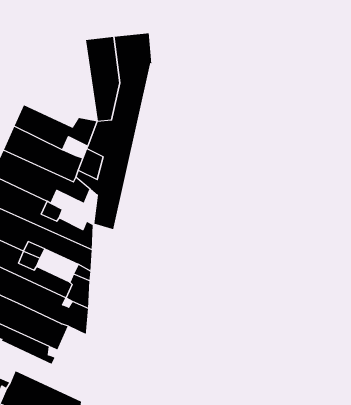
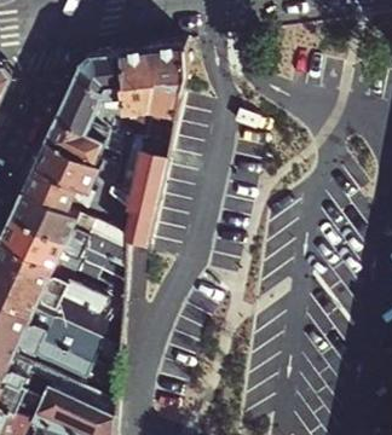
building: none -> [56,53,131,141]

